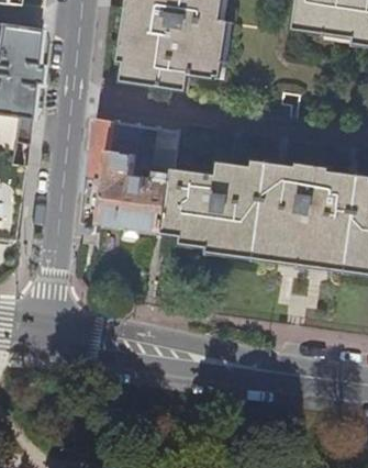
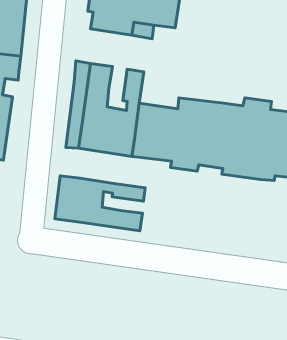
building: none -> [55,176,145,231]

